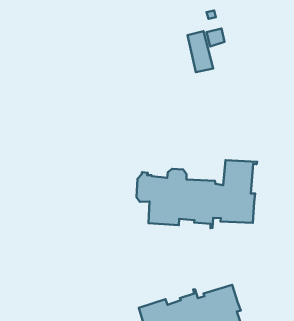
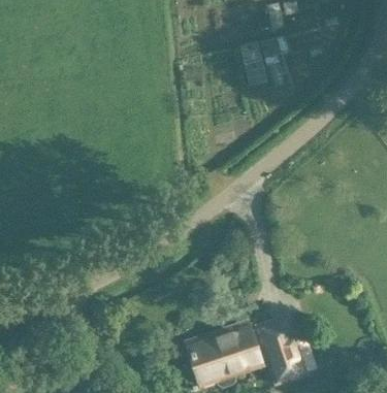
building: [137,160,257,228] -> none

